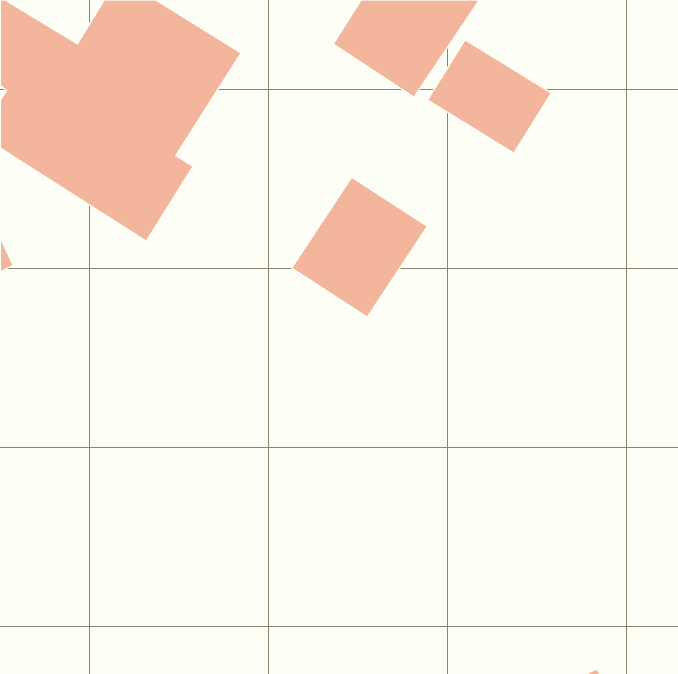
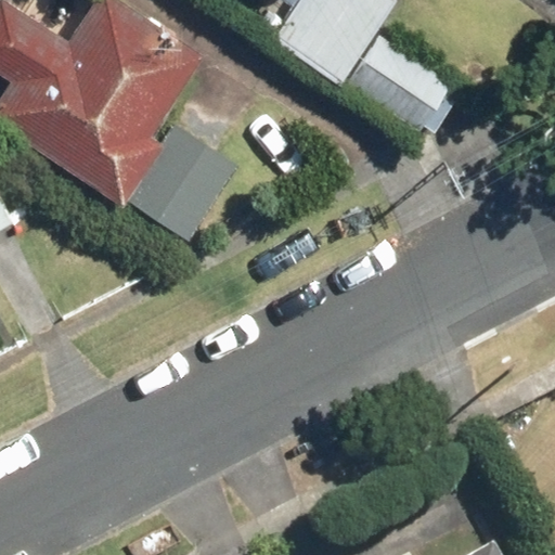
building: [292,177,428,317] -> [125,124,235,237]

